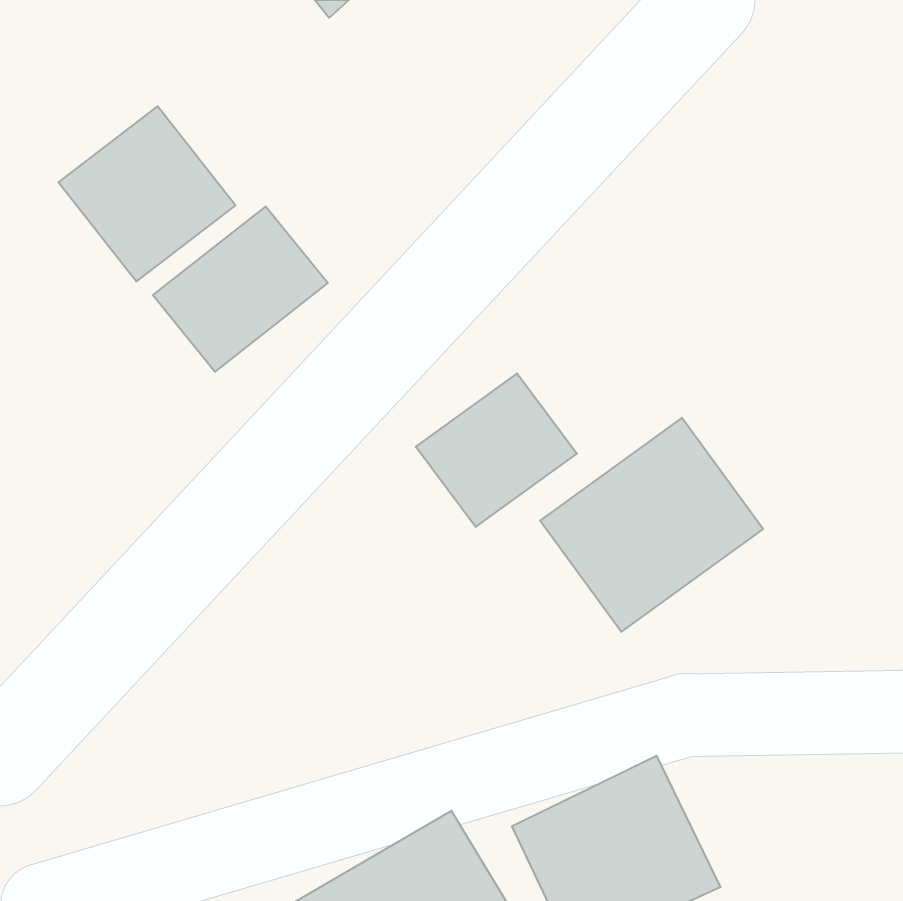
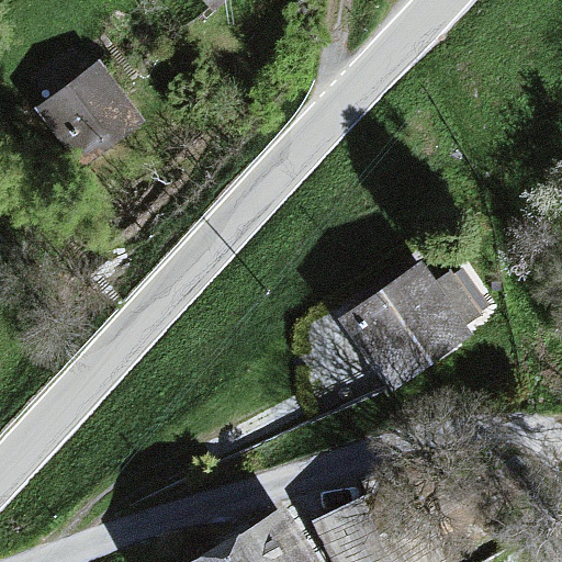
building: [153,207,328,372] -> none
building: [416,373,577,527] -> none

